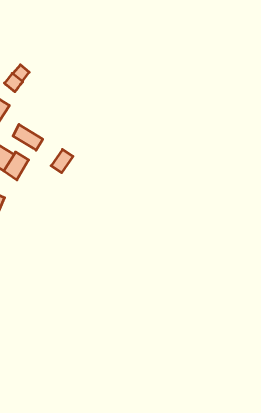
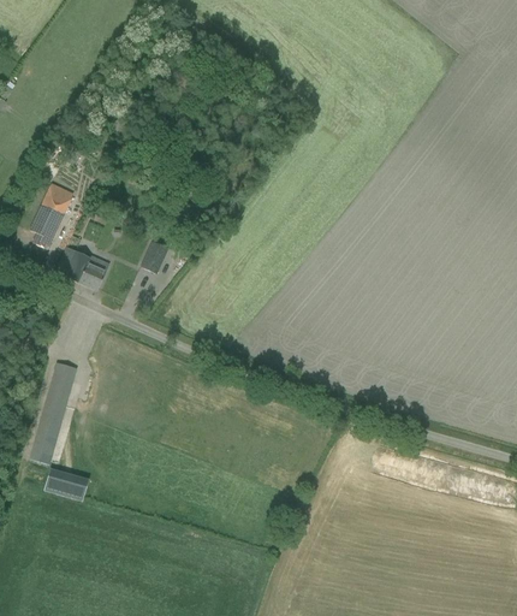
building: [13,124,43,150] -> none

